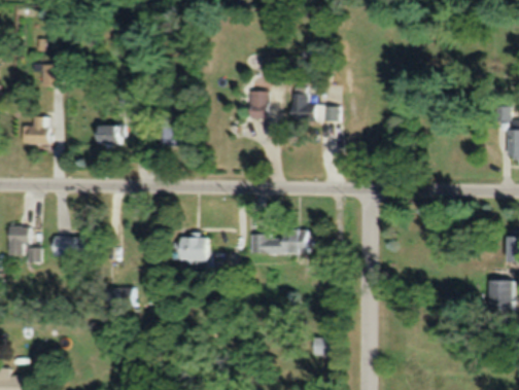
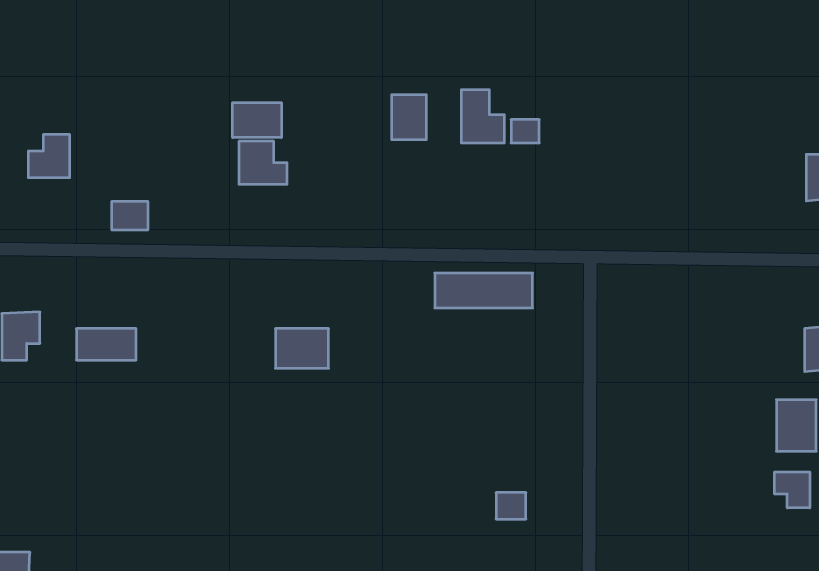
building: none -> [233,103,281,138]
building: [97,123,119,141] -> [112,202,148,230]
building: [250,232,311,253] -> [435,273,533,308]
building: none -> [775,472,810,508]

